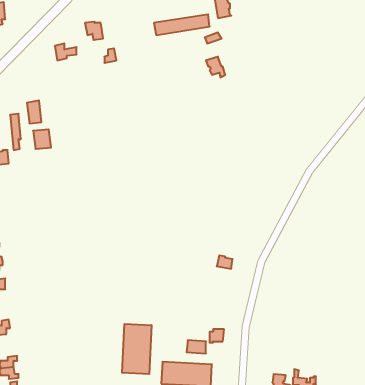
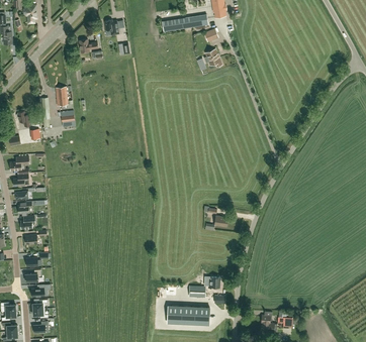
building: [122,324,152,374] -> none

